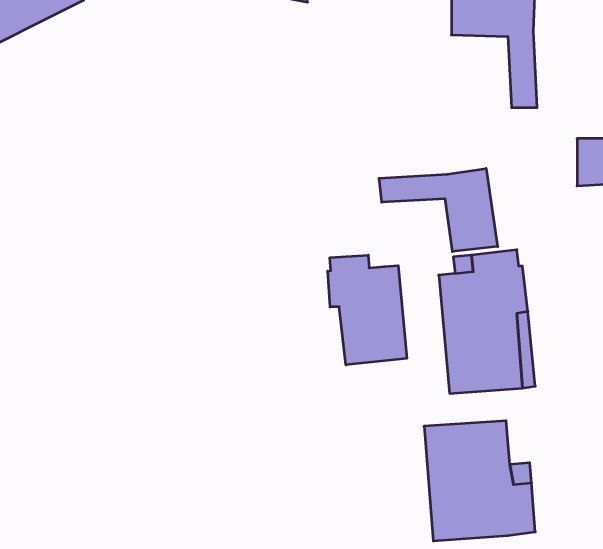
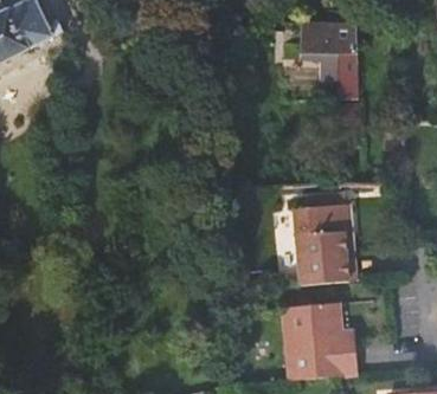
building: [379,168,498,252] -> none
building: [328,255,407,365] -> none

